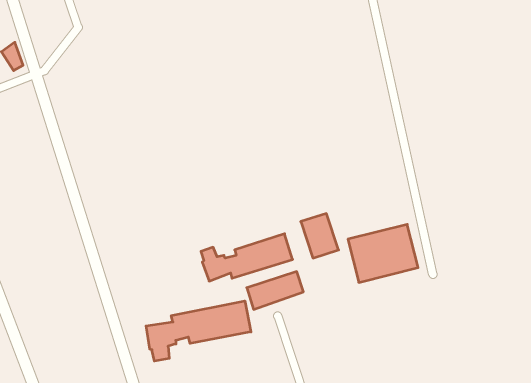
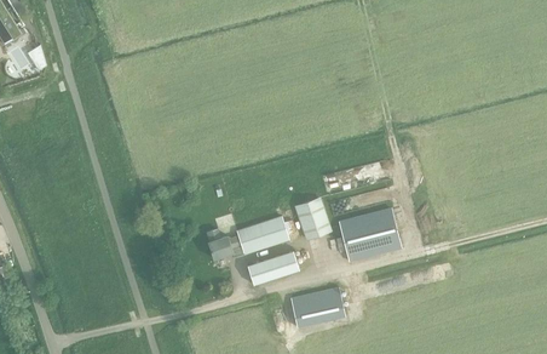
building: [146,301,251,361] -> none
building: none -> [289,287,345,327]

